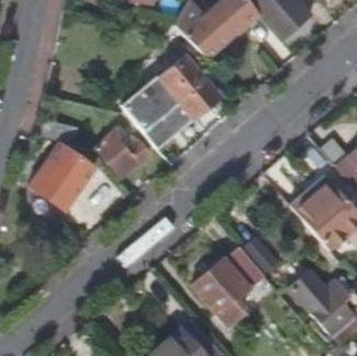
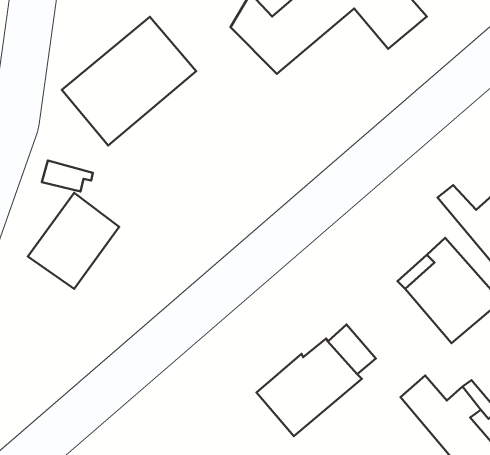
building: [122,59,217,150] -> [62,17,196,146]
building: [94,127,150,180] -> none

